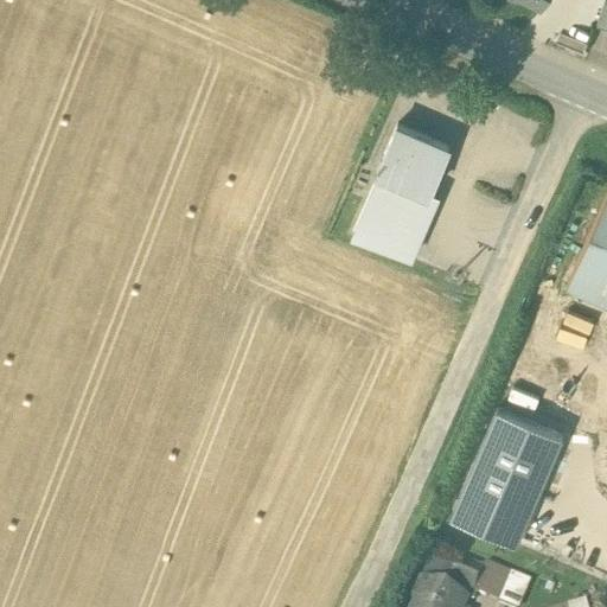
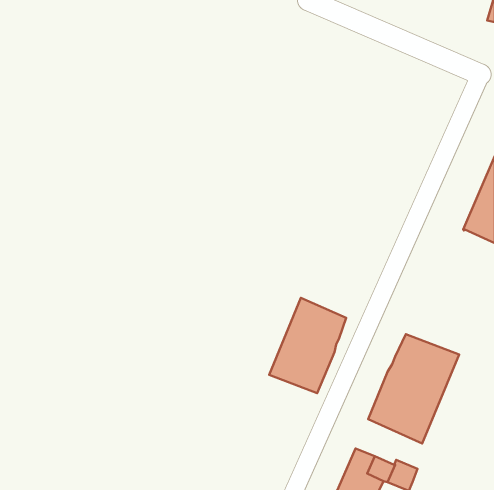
building: [354,128,451,261] -> none
building: none -> [269,298,346,393]

